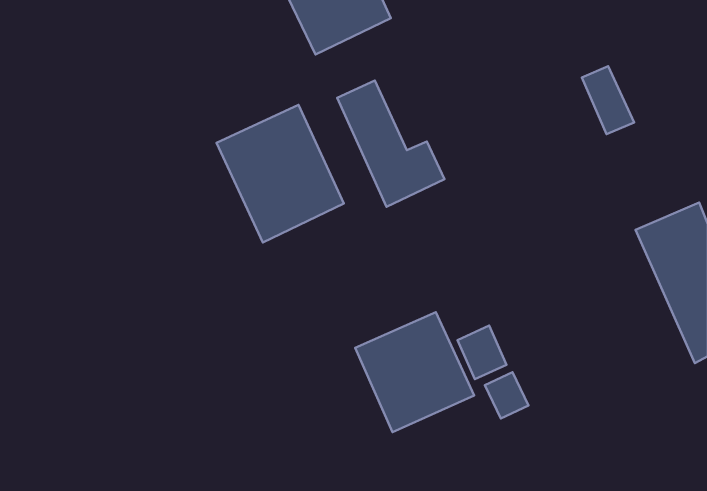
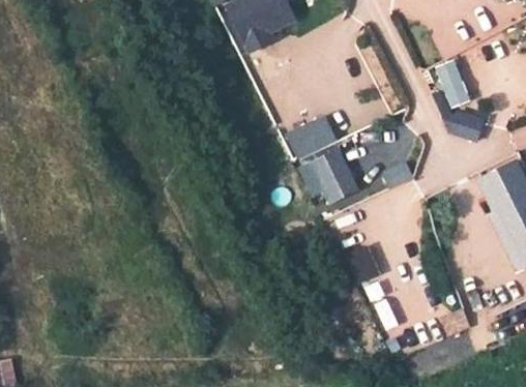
building: [216,105,344,243] -> none
building: none -> [295,147,360,205]
building: [355,312,474,432] -> none

